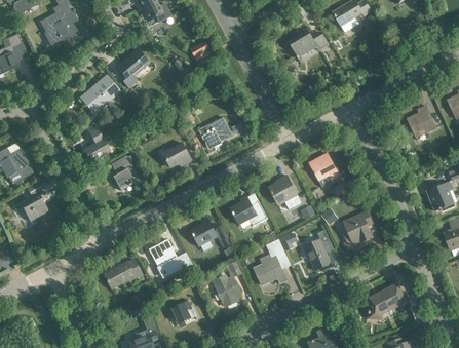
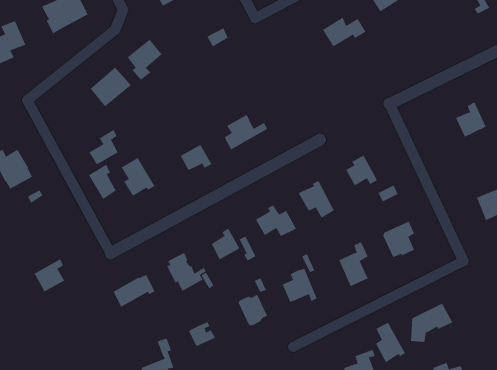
building: none -> [88,164,116,200]
building: [21,192,48,222] -> [34,258,65,292]
building: none -> [375,322,406,363]

